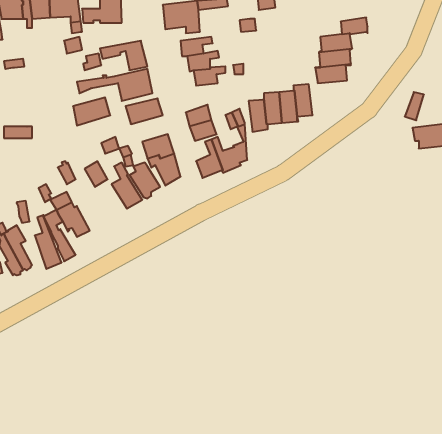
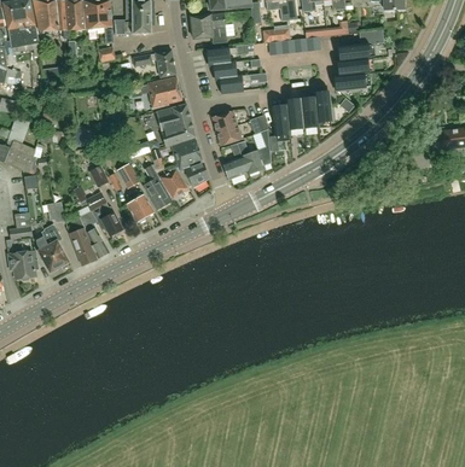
building: [73,97,110,126] -> [161,121,196,147]
building: none -> [127,189,153,222]

